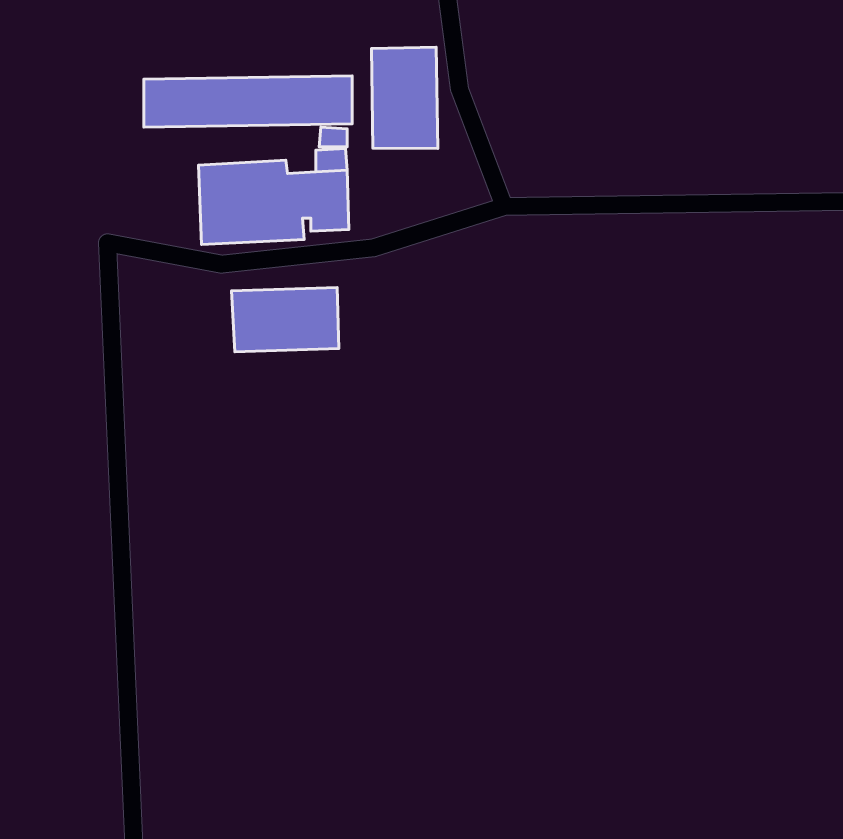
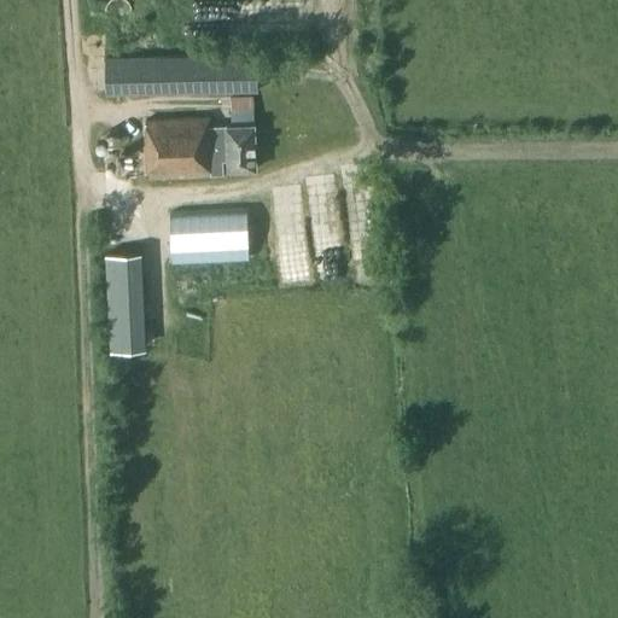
building: [371,47,438,149] -> none
building: none -> [107,252,142,354]

